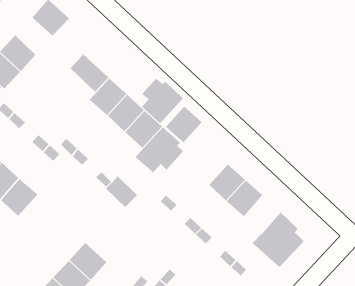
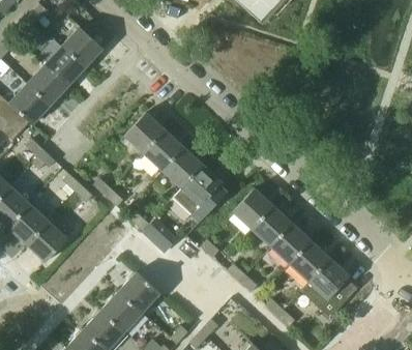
building: none -> [43,47,84,87]
building: [70,54,109,92] -> none
building: [141,78,184,124] -> none
building: [165,106,203,143] -> [233,187,273,228]
building: none -> [291,239,330,281]
building: none -> [119,270,160,312]

